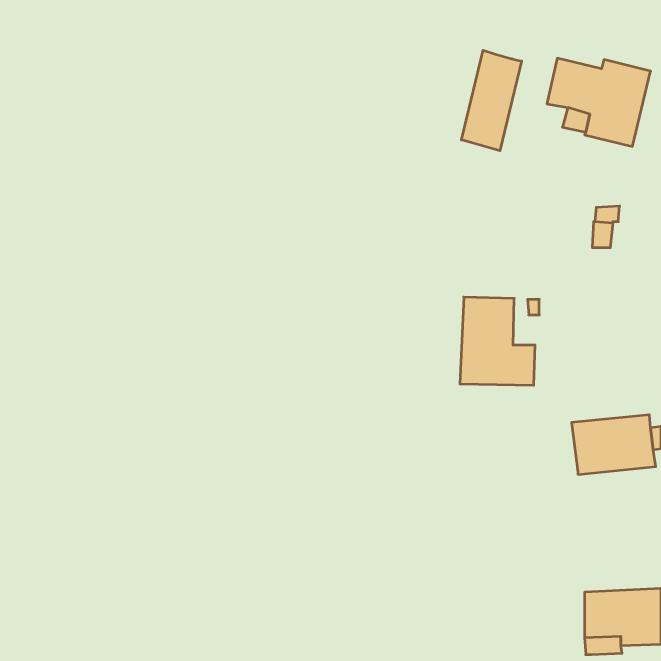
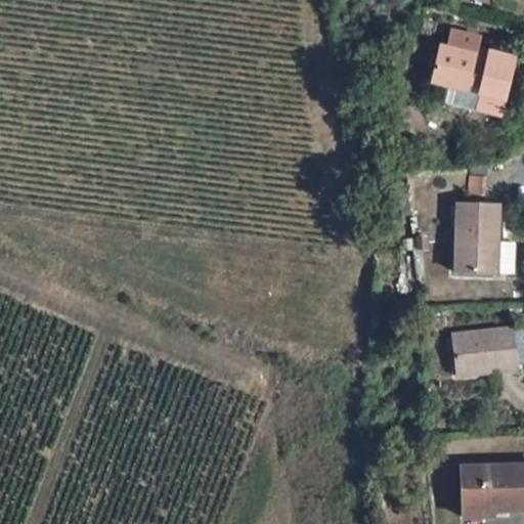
building: [461,50,522,151] -> none
building: [460,297,535,385] -> [454,203,514,272]

